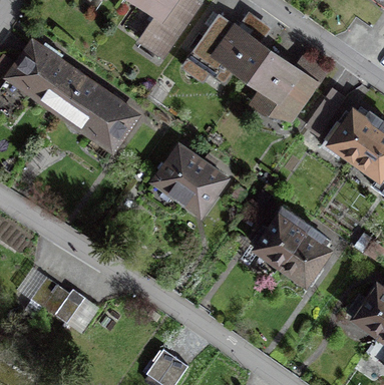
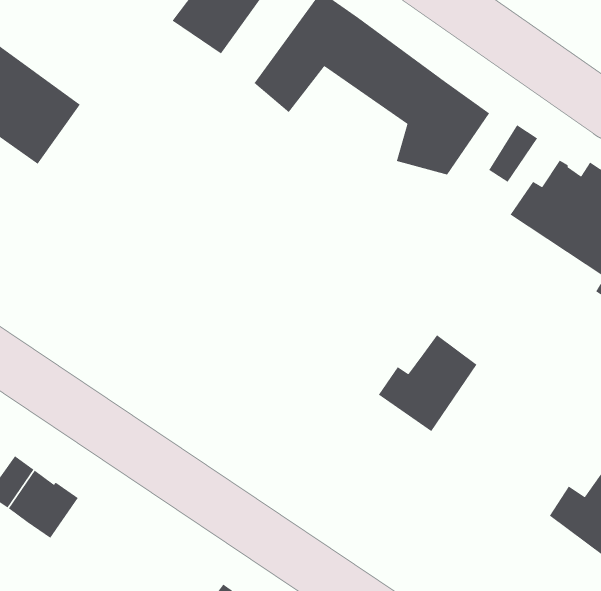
building: [60,79,136,149] -> none
building: [154,146,226,214] -> none
building: [282,226,327,285] -> none

